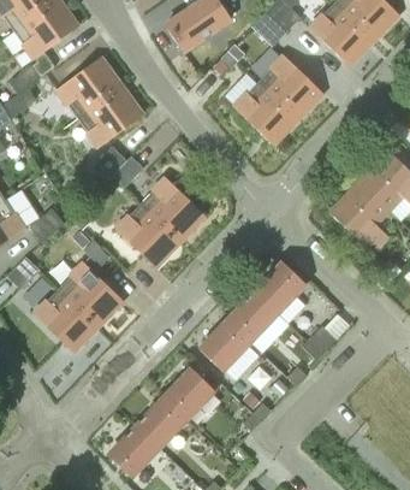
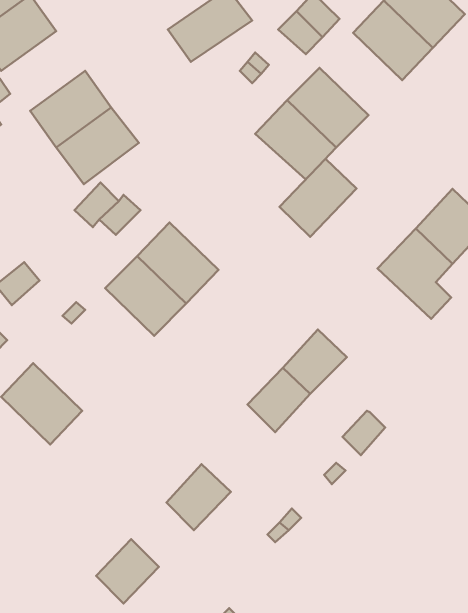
building: none -> [280,159,356,237]
building: [60,262,123,325] -> none
building: [201,320,250,371] -> none
building: [137,397,186,448] -> none

